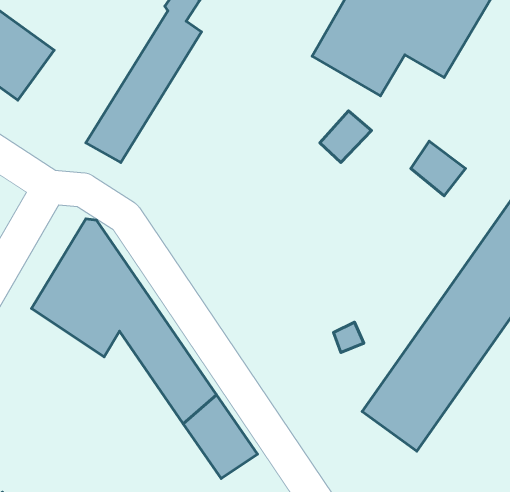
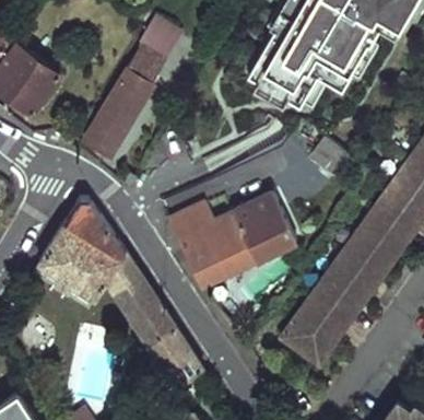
building: none -> [167,196,295,290]

